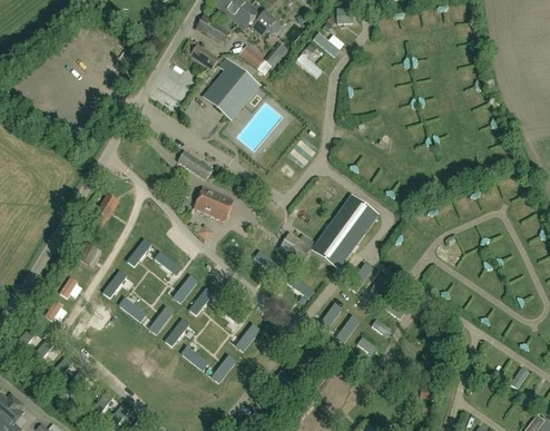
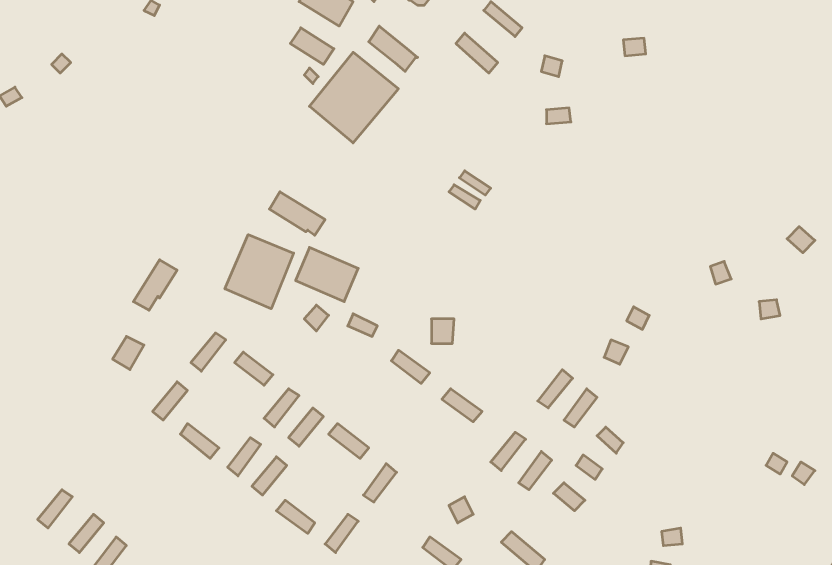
building: none -> [225,235,294,309]
building: [311,196,377,270] -> none

